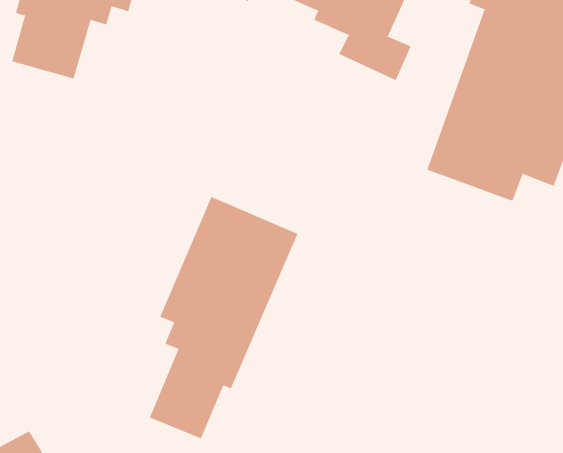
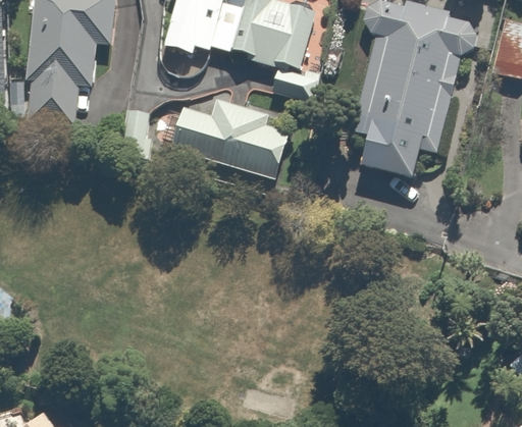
building: none -> [174,96,285,173]
building: [149,196,298,439] -> none

